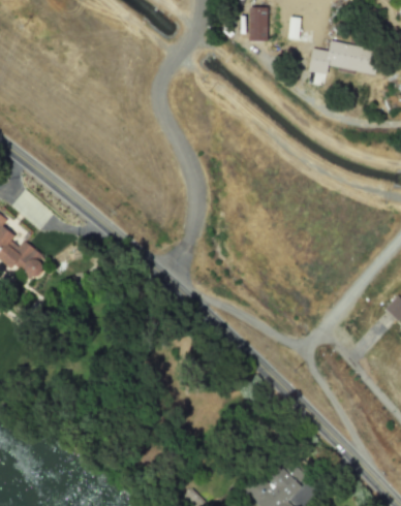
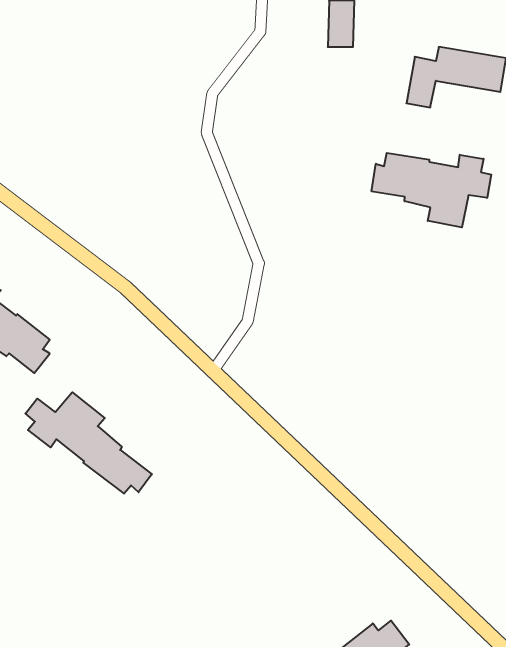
building: none -> [372,153,491,227]
building: none -> [25,392,152,494]

